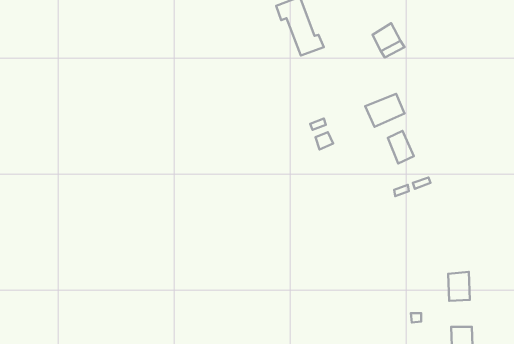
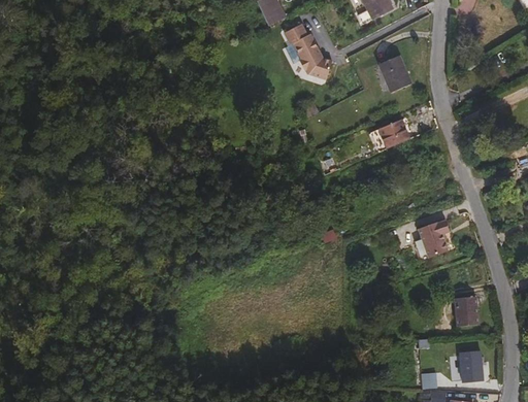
building: [388,131,414,163] -> none
building: none -> [420,223,451,260]

